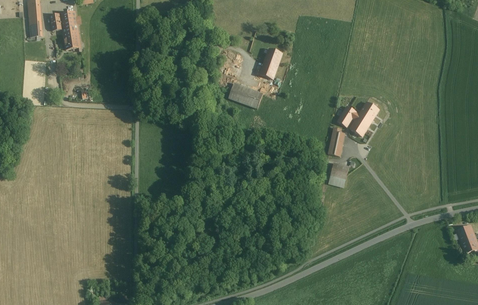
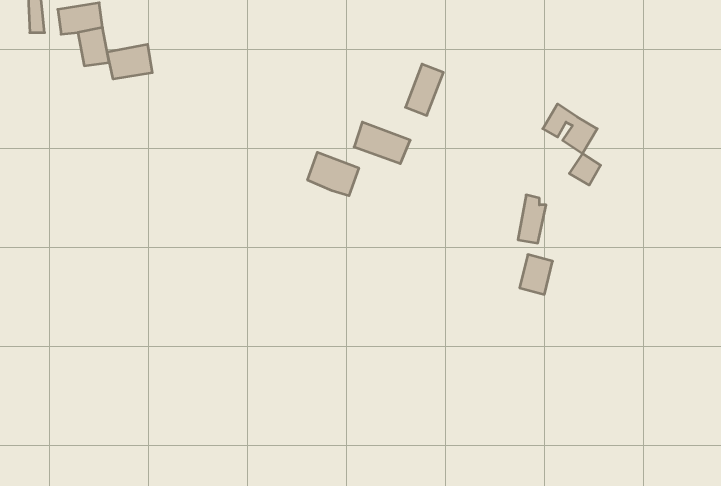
building: none -> [107,44,152,79]
building: none -> [308,152,359,196]
building: [337,106,370,136] -> [543,104,597,154]

